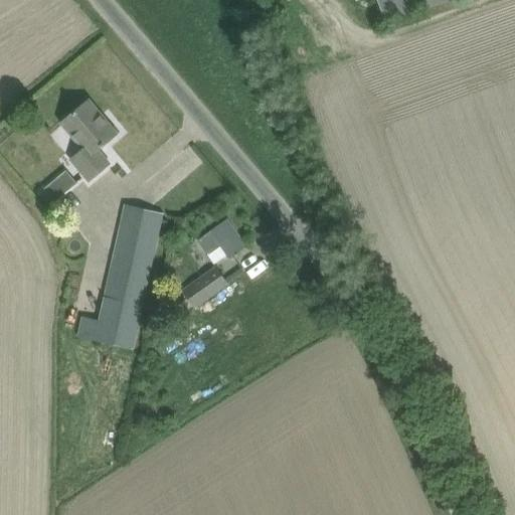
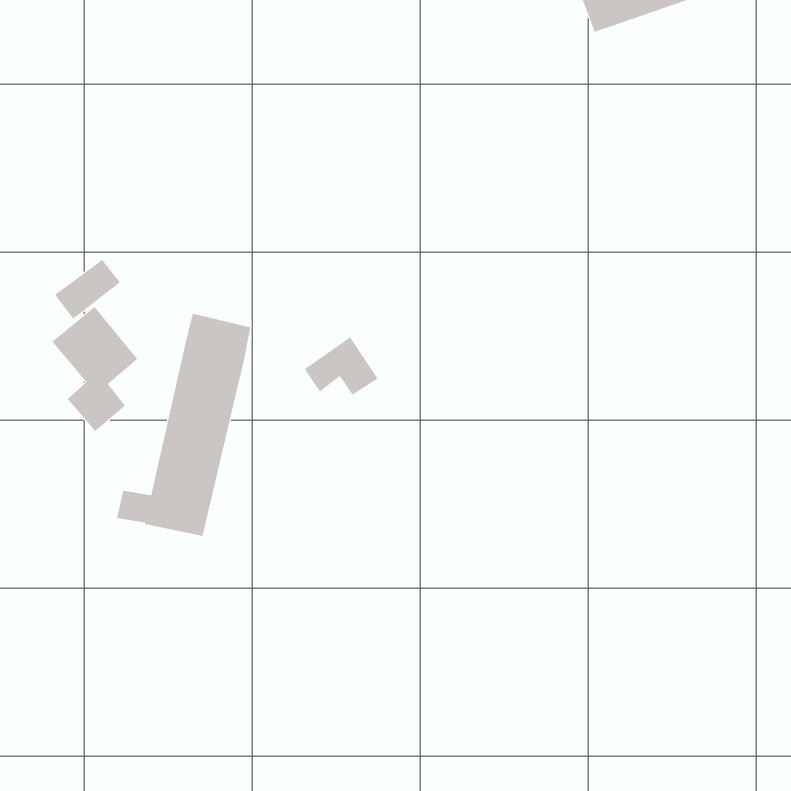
building: [60,99,117,180] -> [51,306,138,432]
building: [181,265,228,307] -> none

